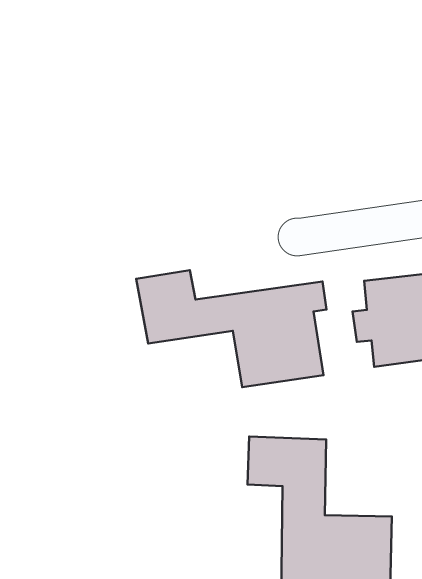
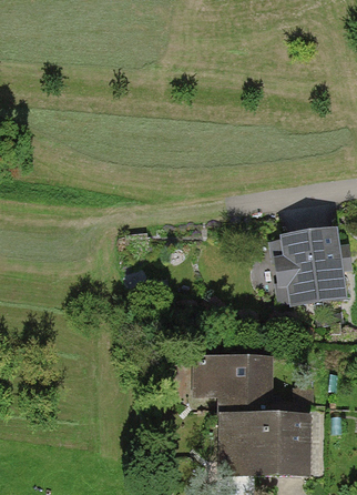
building: [136,270,326,387] -> none

